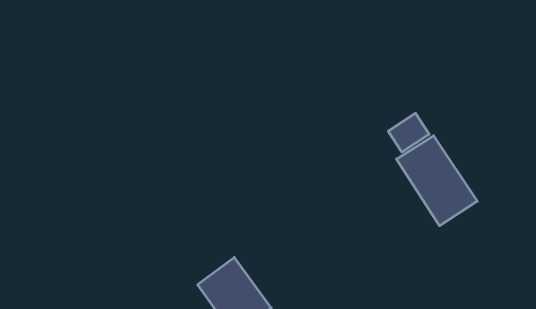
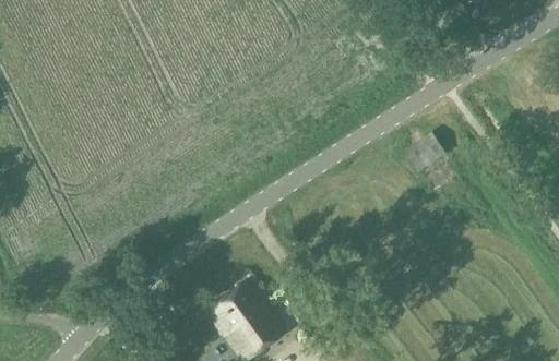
building: [396,136,477,226] -> none

